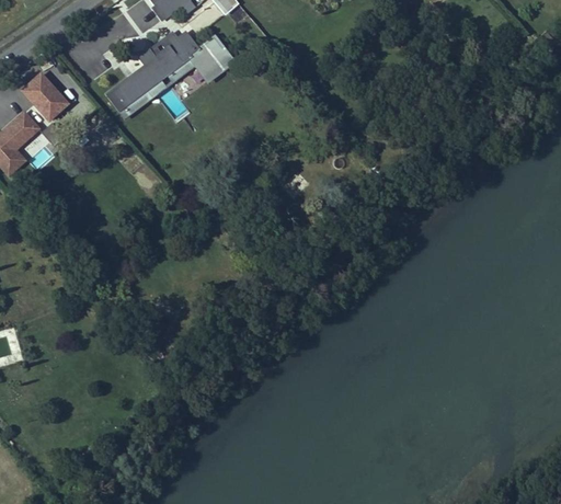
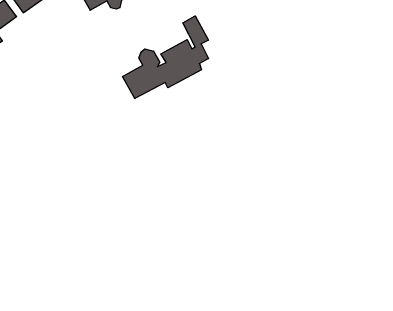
building: none -> [123,16,209,99]

